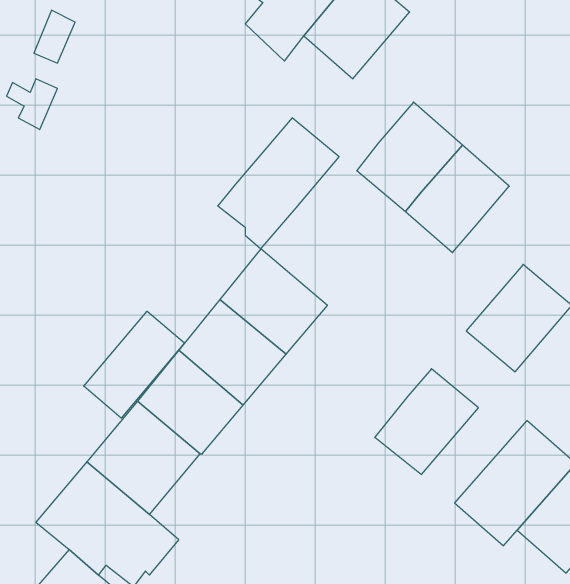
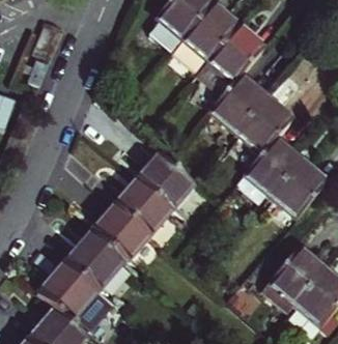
building: [218,118,339,249] -> [197,24,261,93]
building: [84,311,185,418] -> none
building: [375,369,478,474] -> [242,137,297,193]

